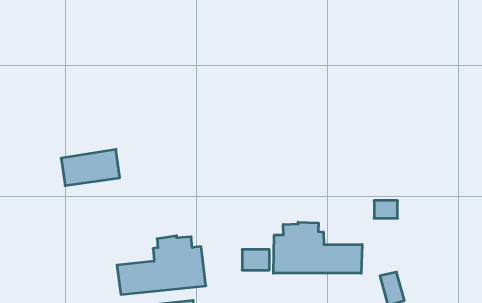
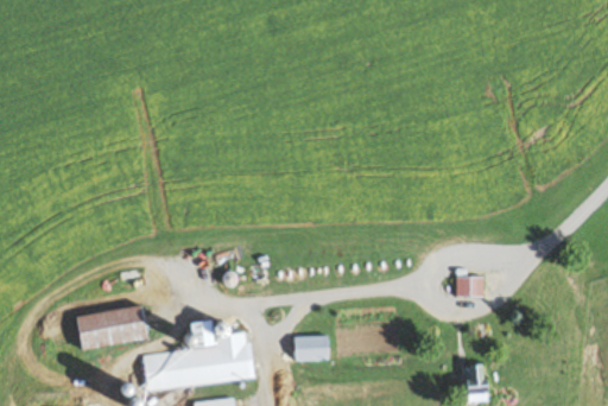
building: [61,149,120,186] -> [77,305,148,349]
building: [273,222,362,273] -> none

